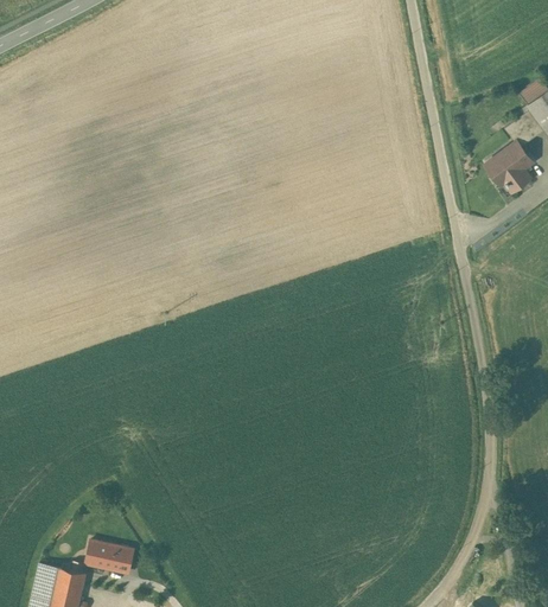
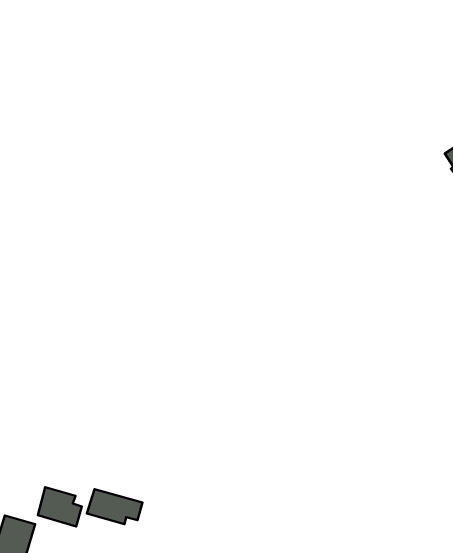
building: none -> [87,489,142,524]

